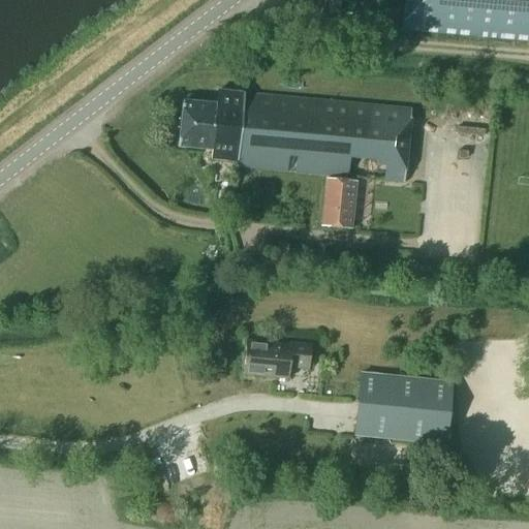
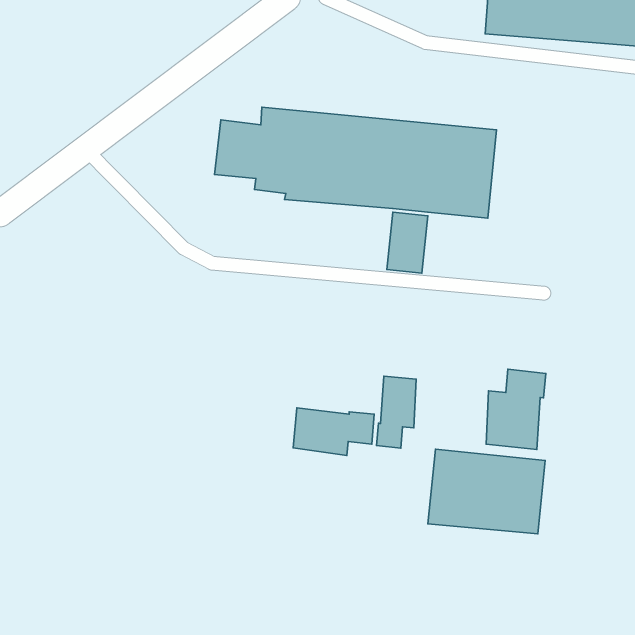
building: none -> [486,369,546,449]
building: none -> [377,376,416,448]

